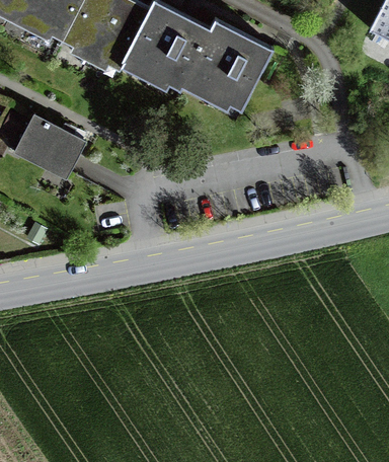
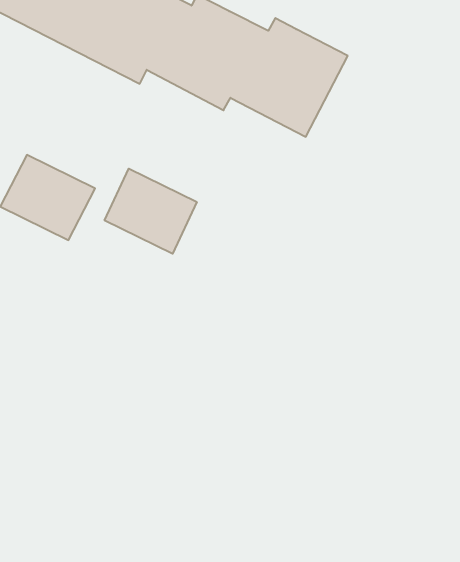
building: none -> [105,169,197,254]

